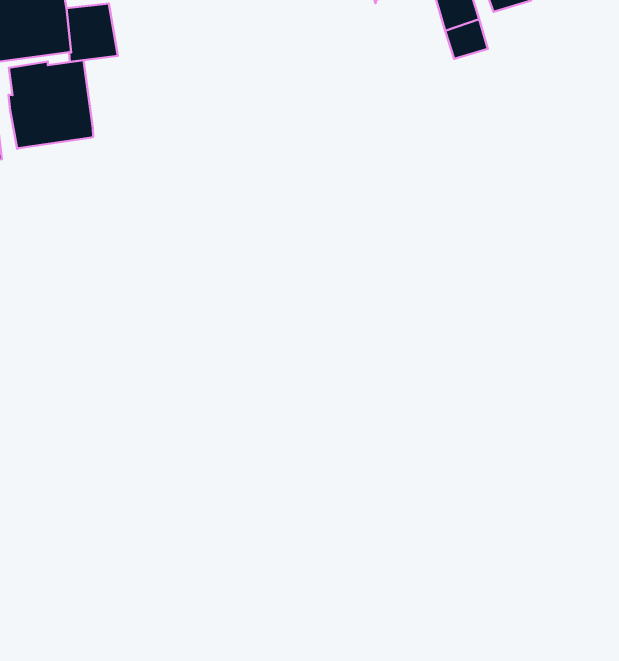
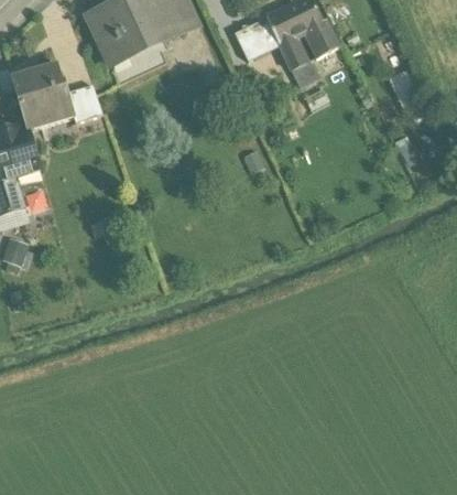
building: [9,60,93,149] -> none

